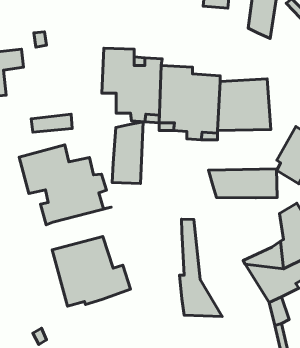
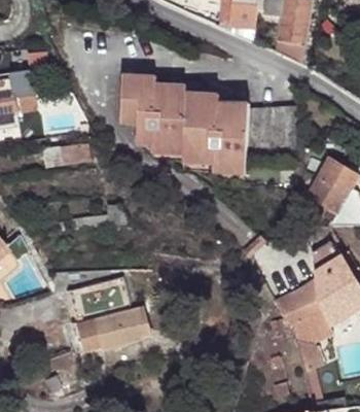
building: [112,122,143,184] -> none
building: [19,145,111,225] -> none
building: [208,169,277,198] -> none
building: [180,219,222,317] -> none

